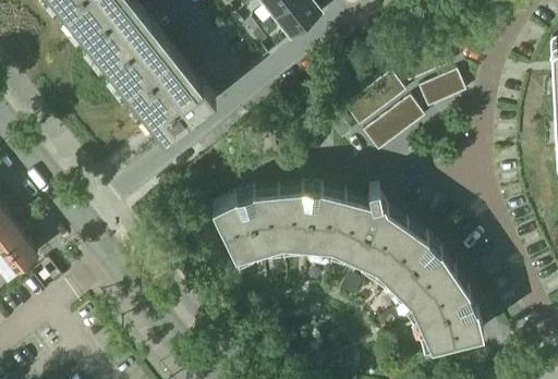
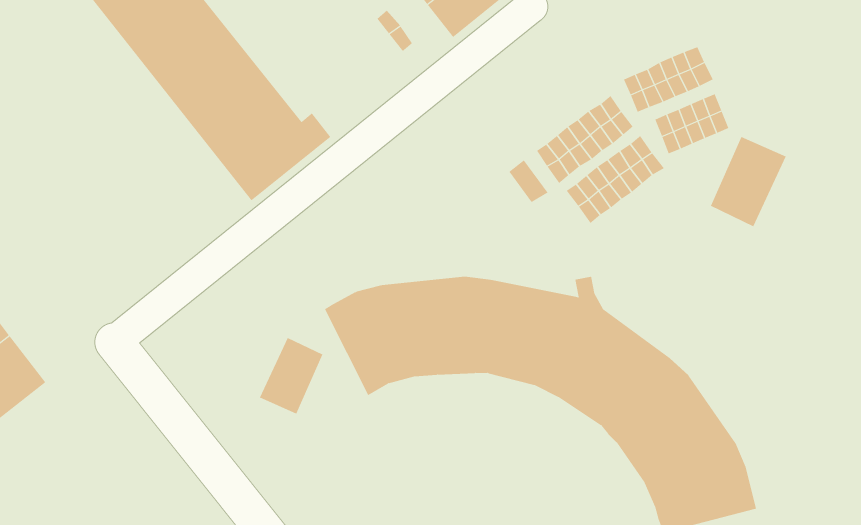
building: none -> [710,136,786,227]
building: none -> [259,337,323,414]

